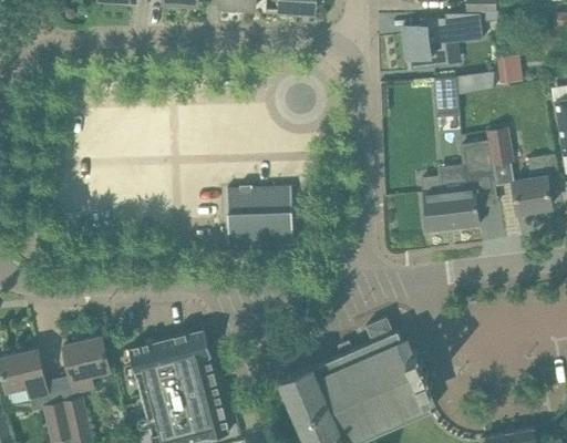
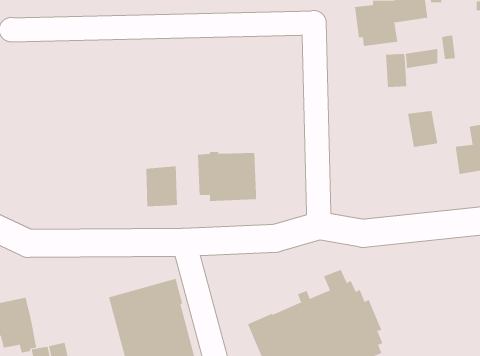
building: [487,128,511,165] -> none
building: [421,176,478,233] -> none
building: none -> [146,166,177,207]
building: [62,337,110,393] -> none

